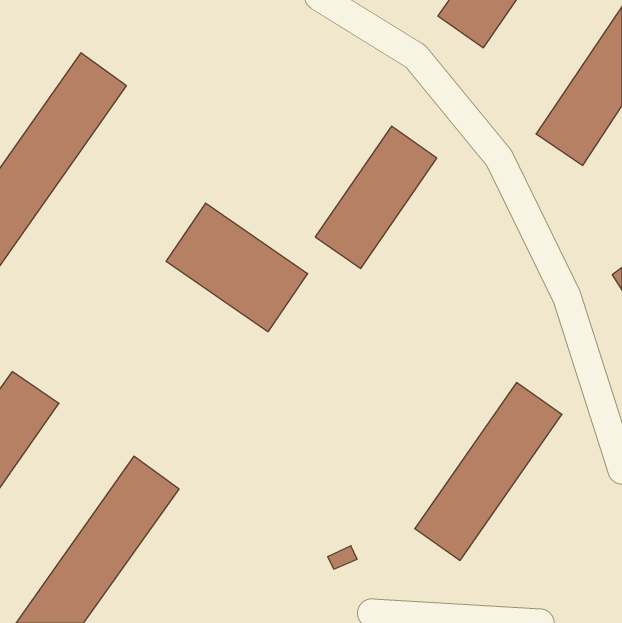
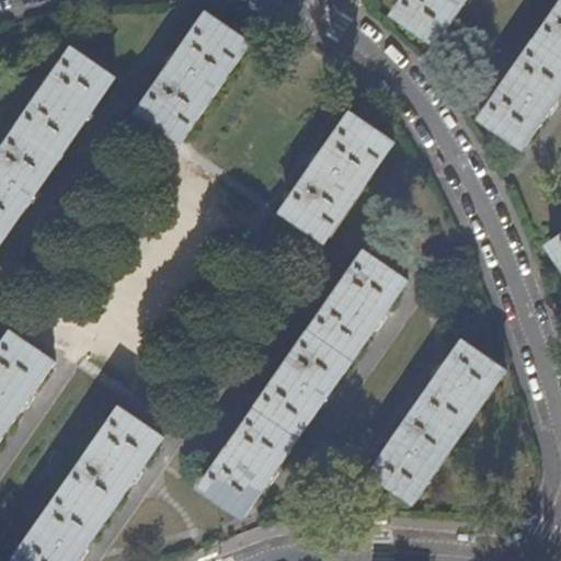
building: none -> [138,13,248,139]
building: [166,203,308,332] -> none
building: none -> [199,252,404,517]

